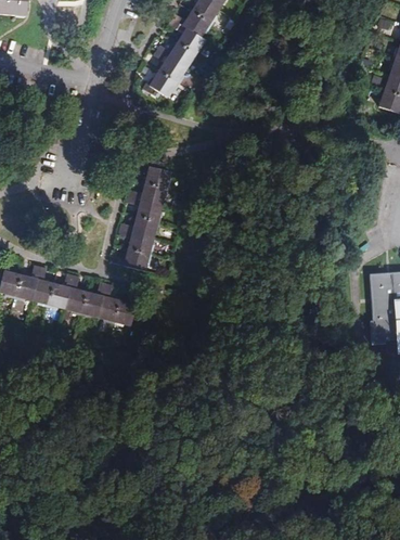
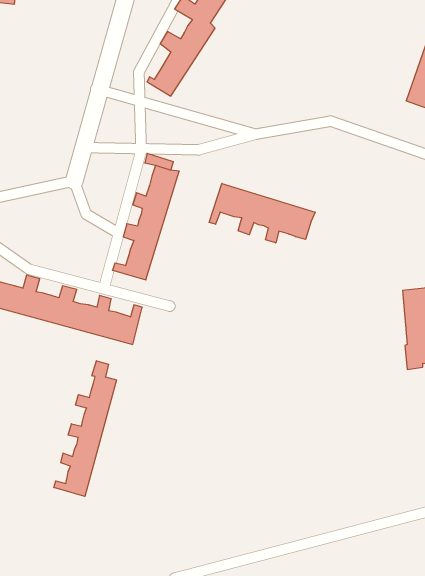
building: none -> [209,183,315,243]
building: none -> [54,361,116,496]

